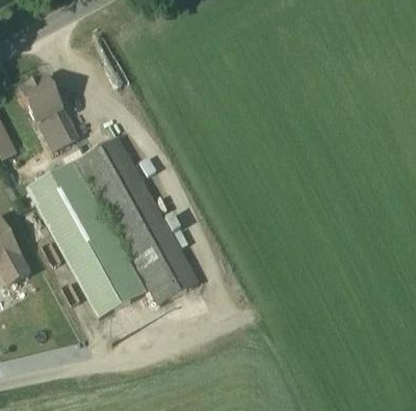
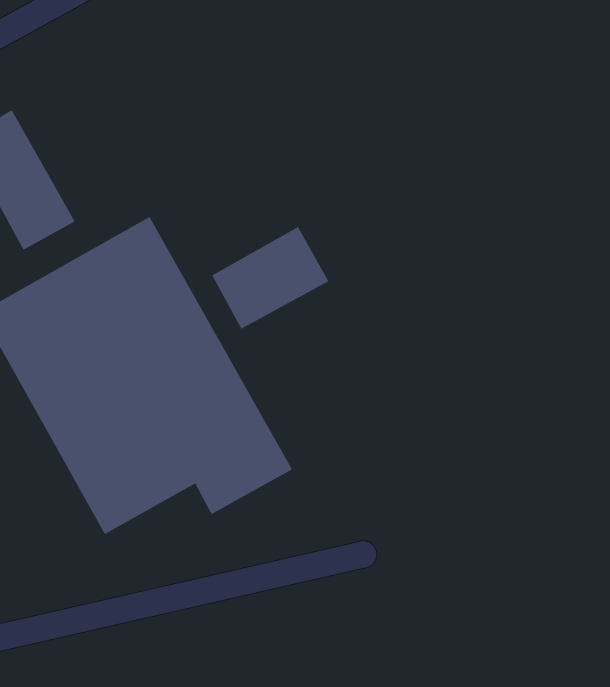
building: none -> [212,226,329,329]

